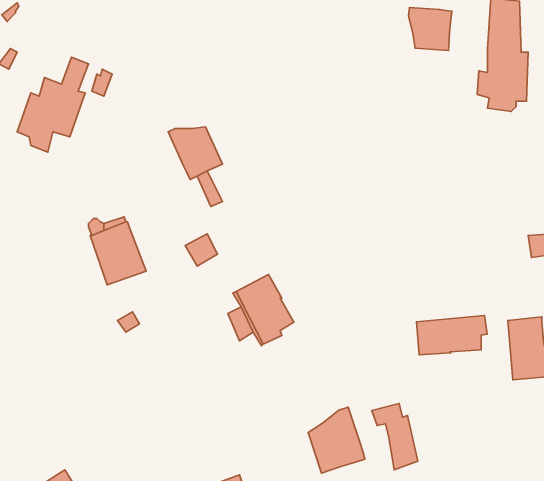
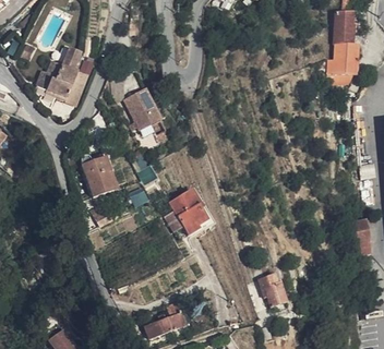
building: [409,8,452,51] -> none
building: [417,316,487,355] -> none
building: [308,407,365,473] -> none

